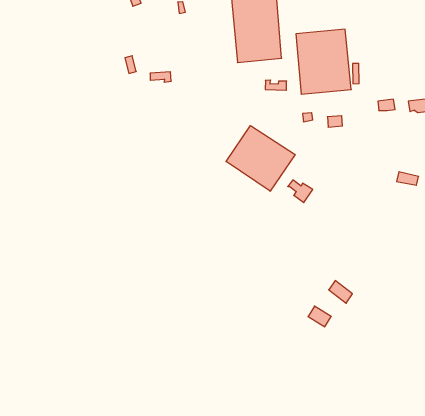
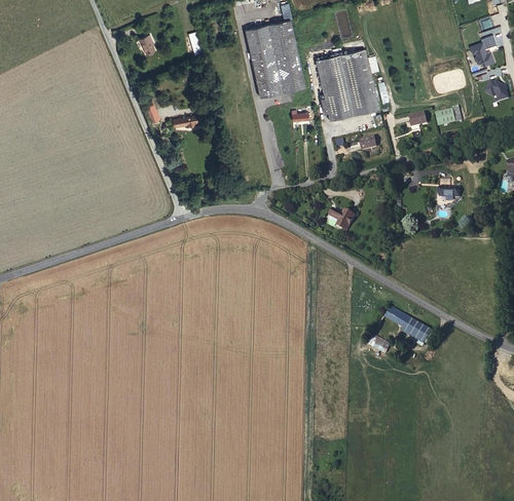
building: [226,126,295,191] -> none
building: none -> [401,316,431,343]

